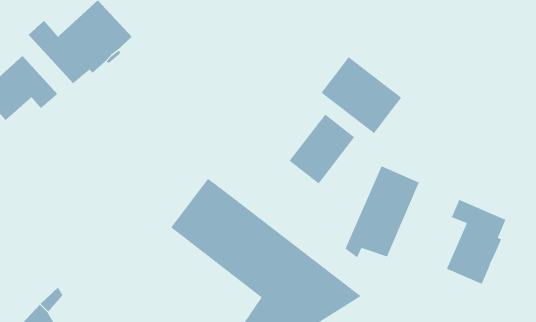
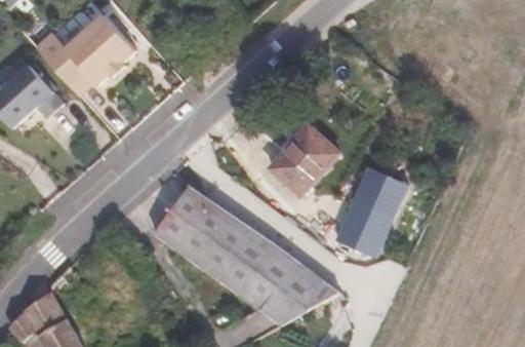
building: [320,56,402,134] -> none
building: [446,199,506,285] -> none

